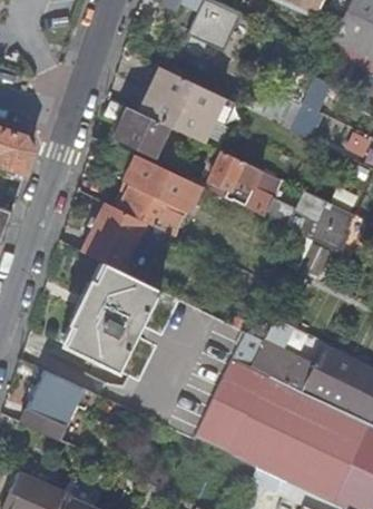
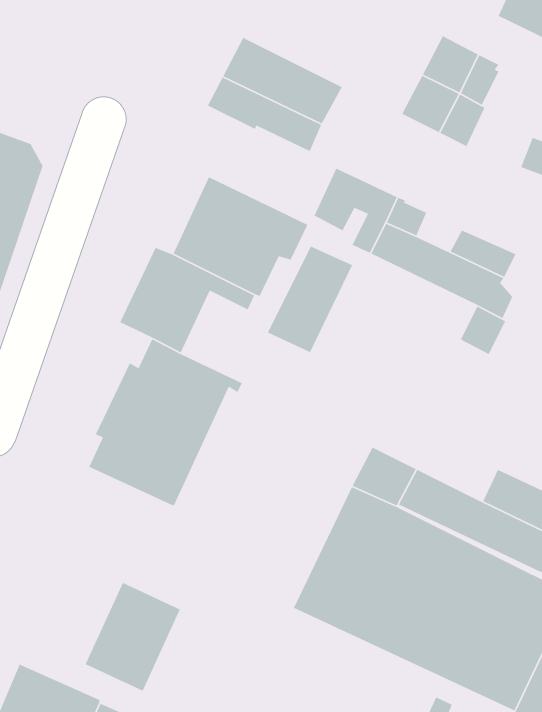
building: [115,107,170,157] -> none
building: none -> [267,246,353,353]
building: [20,370,82,441] -> [85,582,181,692]

